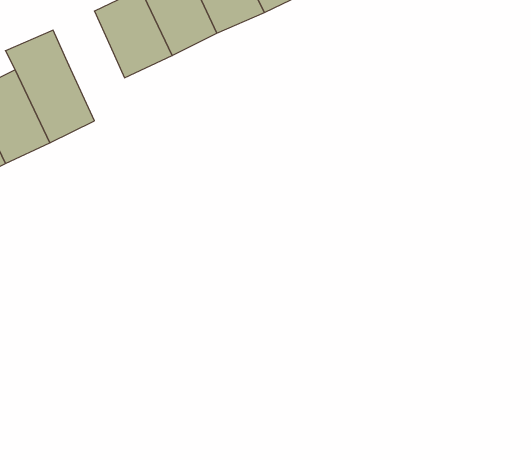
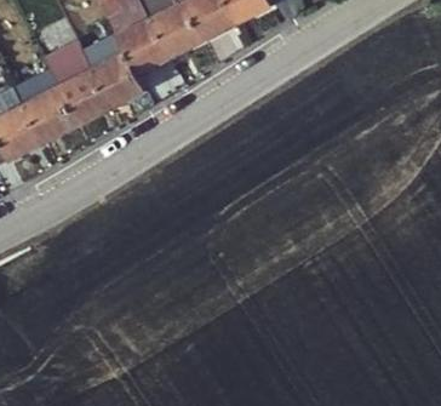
building: none -> [87,50,138,107]

